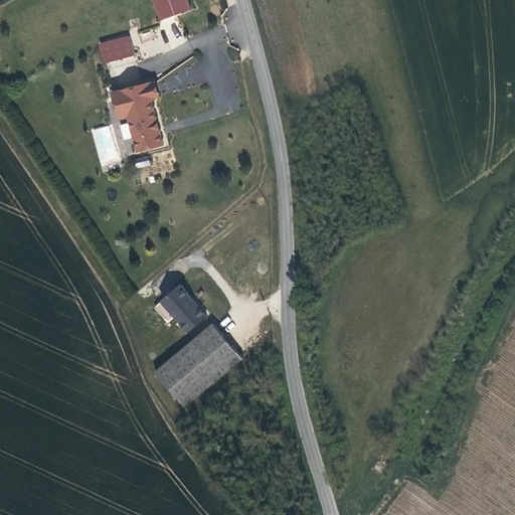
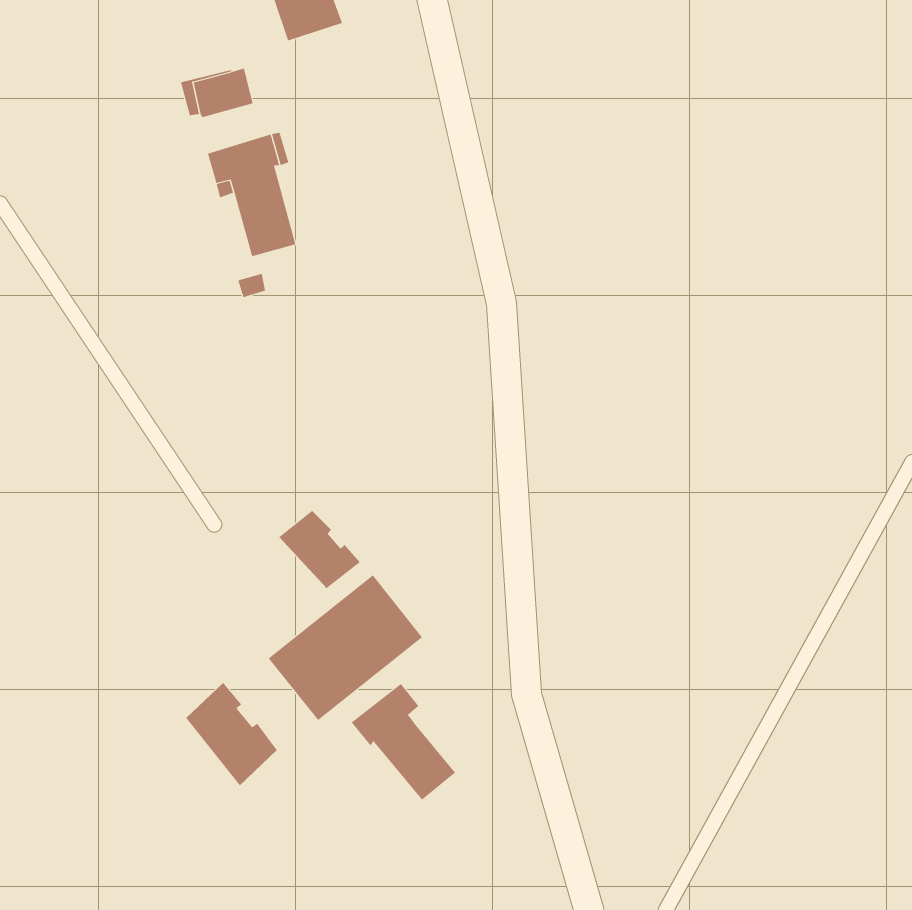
building: none -> [185,682,278,786]
building: none -> [351,683,456,801]

